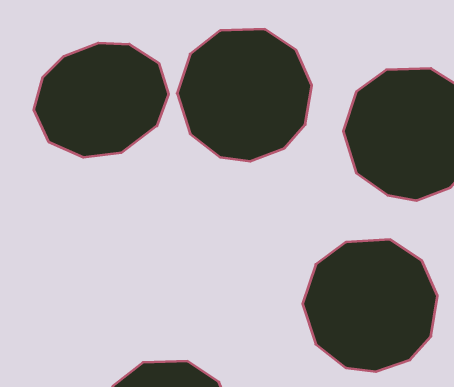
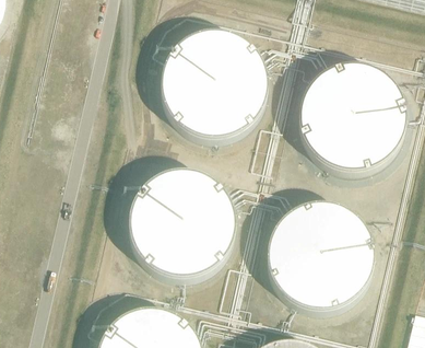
building: [34,43,168,157] -> none
building: none -> [125,172,237,282]

